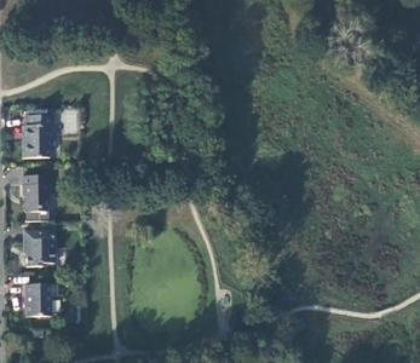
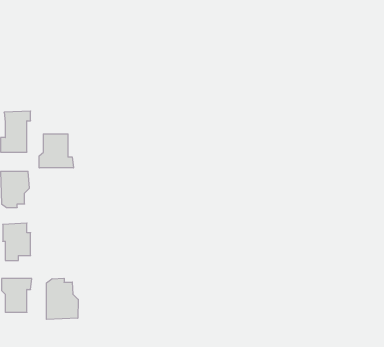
building: none -> [39,134,73,168]
building: none -> [47,278,78,319]

